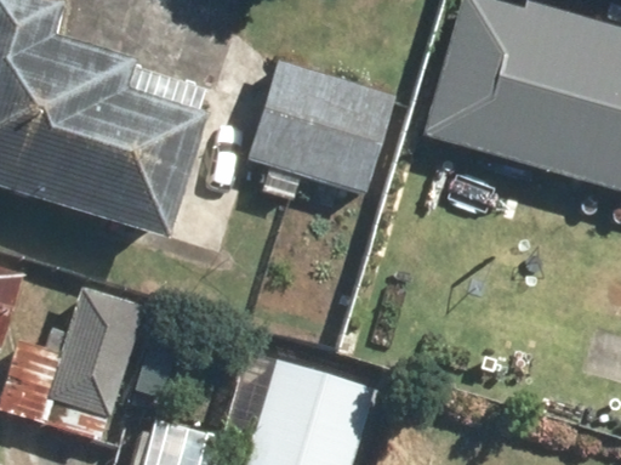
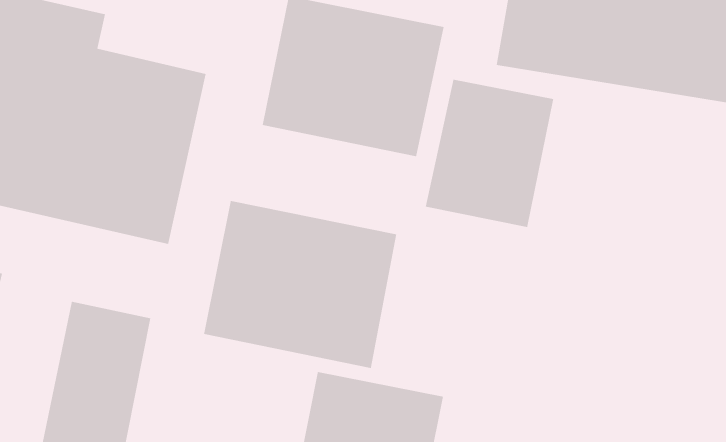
building: none -> [425,79,554,228]
building: none -> [203,200,397,369]

